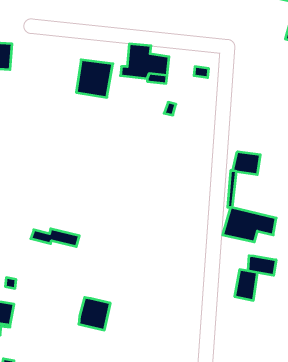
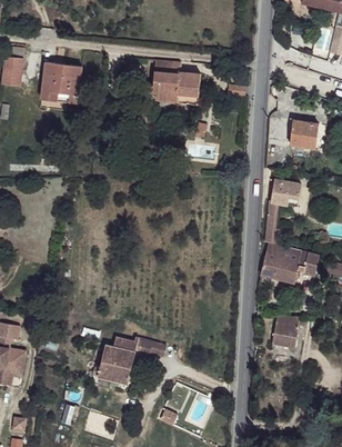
building: [76,60,113,97] -> [41,61,82,103]
building: none -> [291,121,319,149]
building: [31,229,79,247] -> [112,335,167,355]
building: [248,256,276,275] -> none

